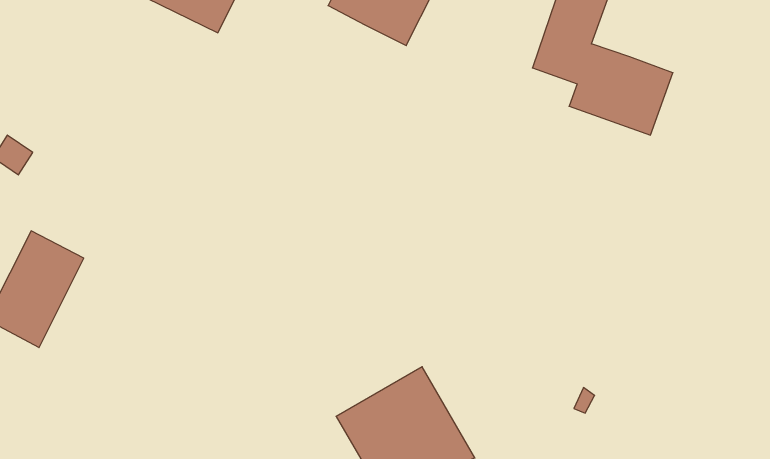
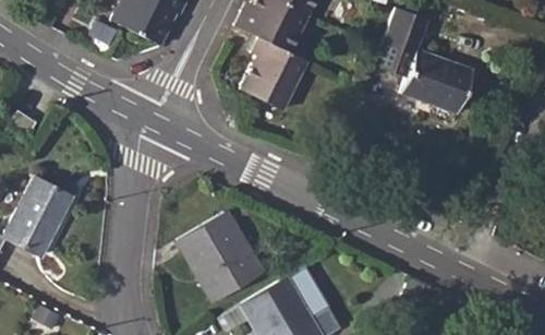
building: none -> [242,37,308,108]
building: none -> [178,213,262,302]

